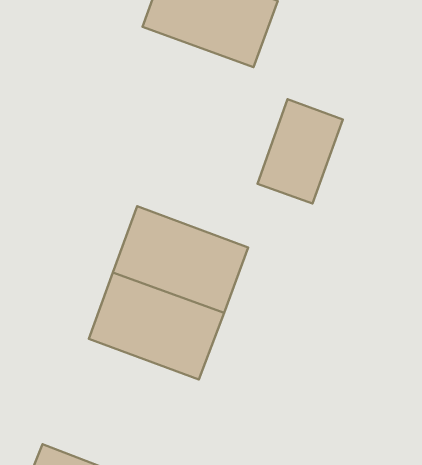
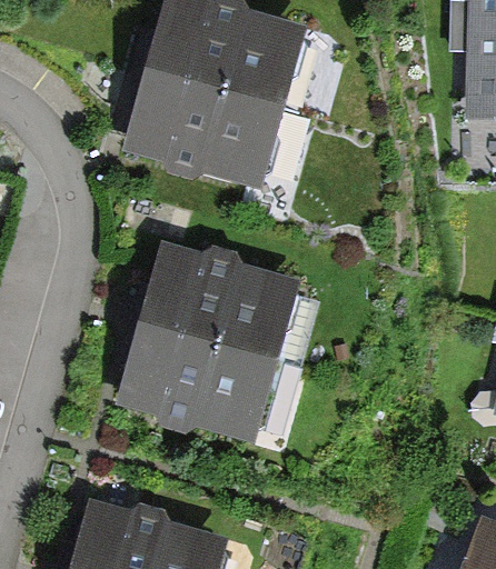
building: none -> [136,72,274,173]
building: [258,99,343,204] -> none

